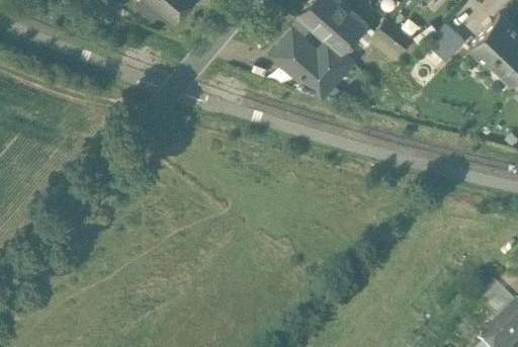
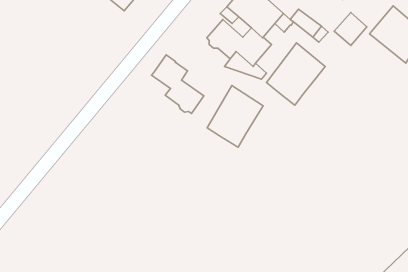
building: none -> [266,43,325,105]
building: none -> [151,55,204,114]
building: none -> [207,86,263,147]

